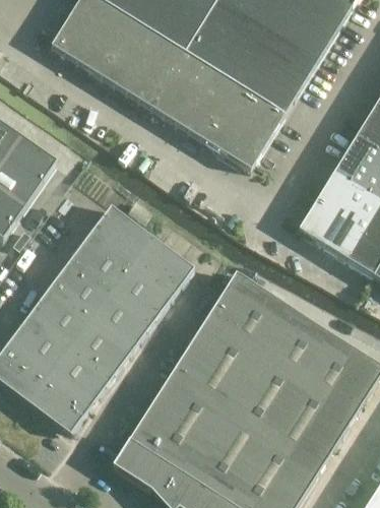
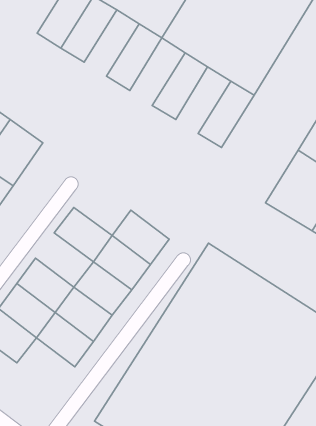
building: [102,18,162,90] -> none
building: [151,49,211,122] -> none
building: [201,80,261,152] -> none
building: [90,205,152,263] -> none
building: [49,260,112,319] -> none
building: [28,374,91,433] -> none

